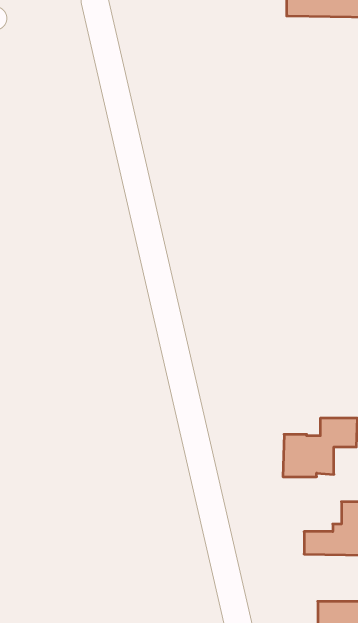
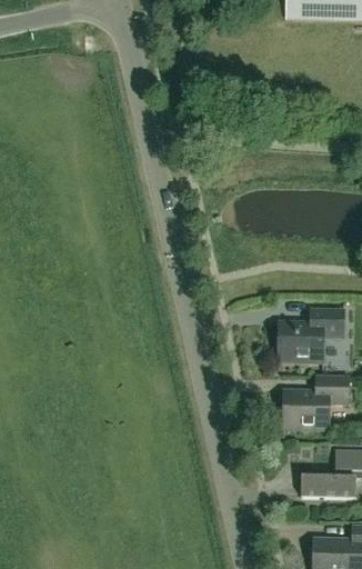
building: none -> [278,312,343,365]

